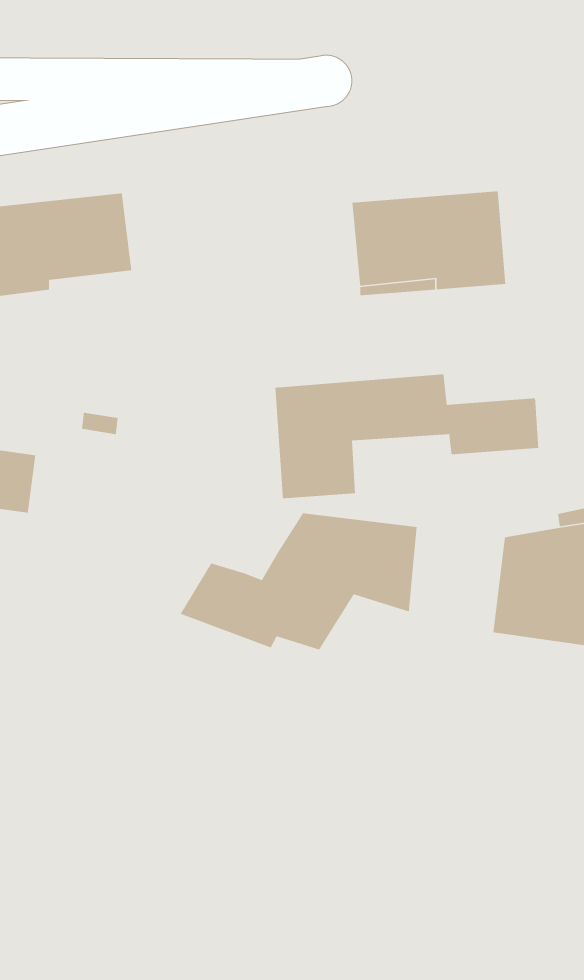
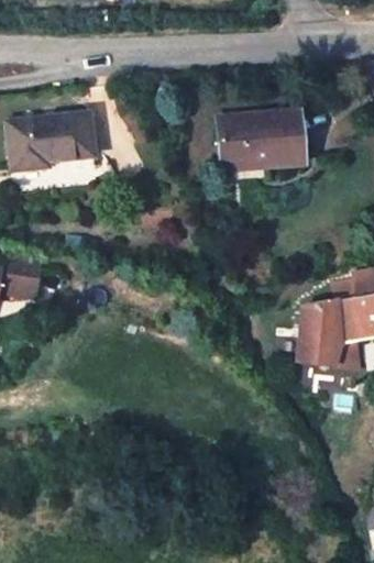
building: [275,374,539,499] -> none
building: [180,512,417,651] -> none

